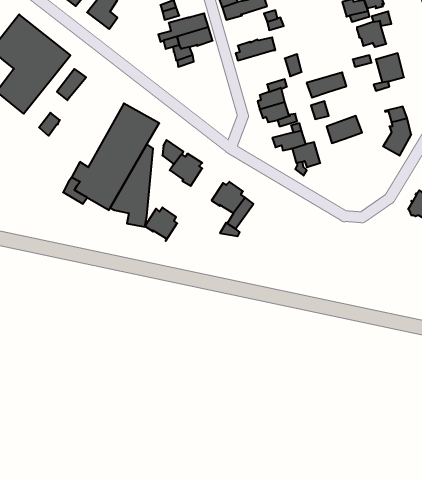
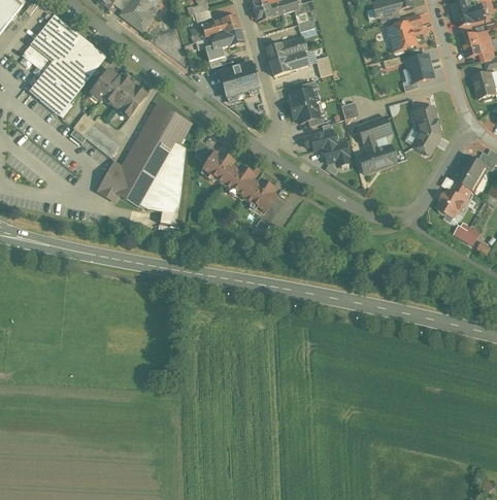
building: none -> [219,62,258,97]
building: [307,72,346,98] -> [269,51,308,75]
building: none -> [103,75,146,118]
building: none -> [82,124,119,157]
building: none -> [359,138,396,173]
building: [145,207,177,241] -> [223,166,255,199]

